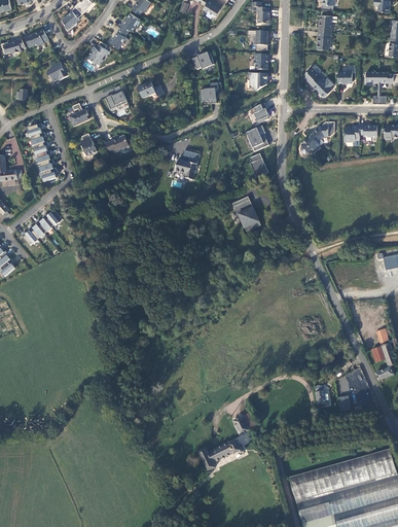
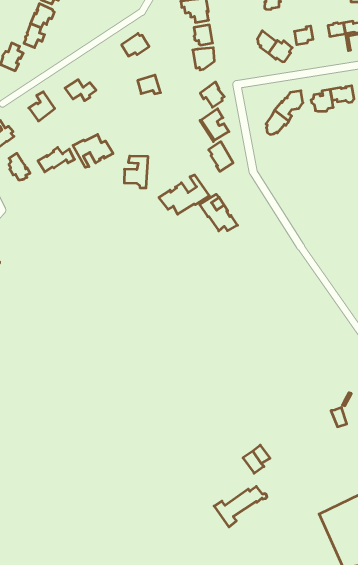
building: none -> [73,134,113,167]
building: none -> [159,175,209,214]

